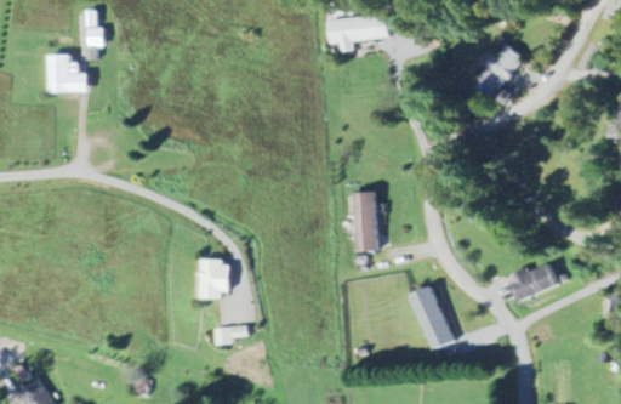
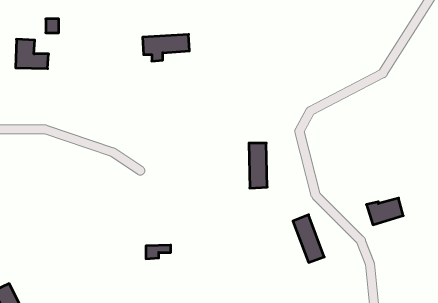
building: [324,16,386,51] -> [143,34,189,61]
building: [477,41,523,92] -> none
building: [201,258,234,295] -> none

